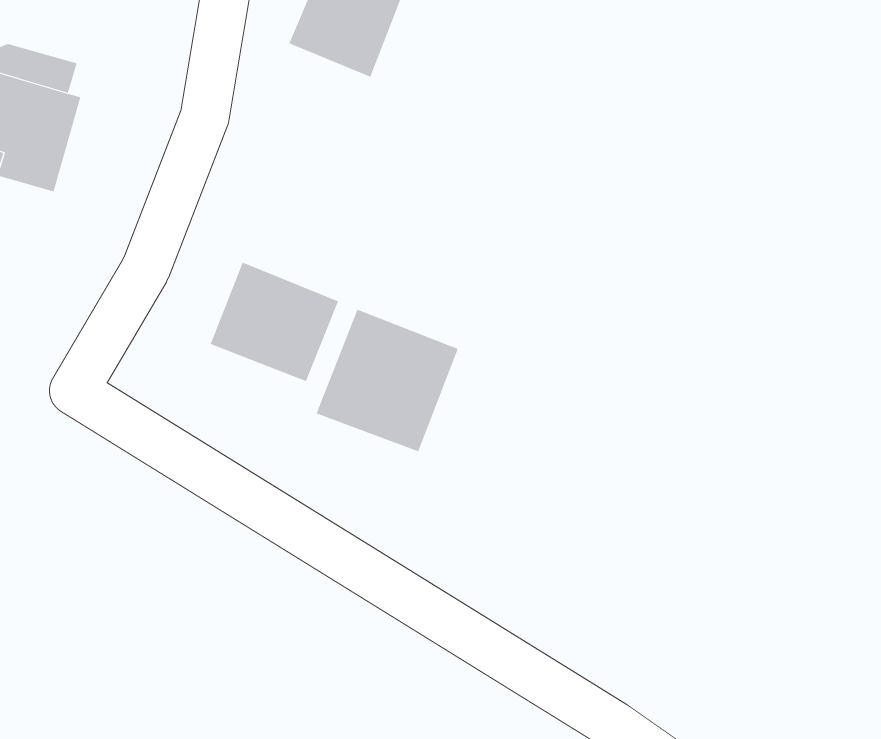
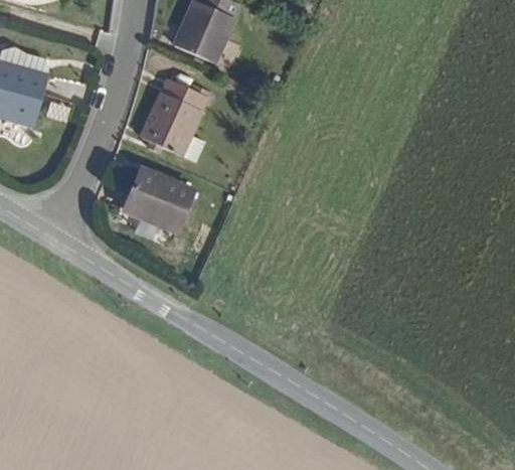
building: none -> [138,77,198,158]
building: [316,309,458,452] -> none

